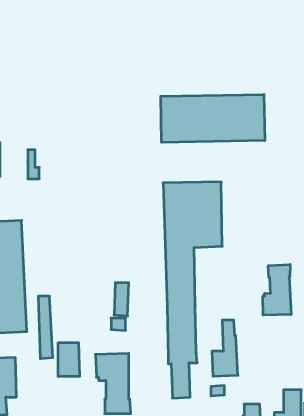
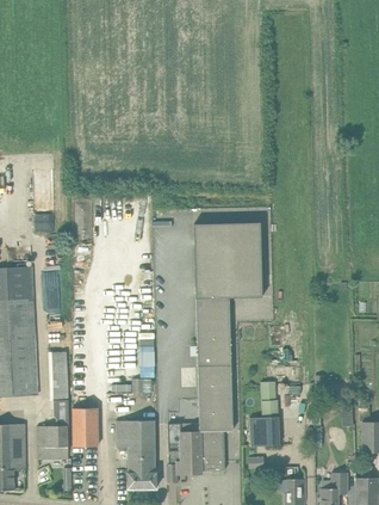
building: [161,94,265,142] -> none
building: [263,264,291,315] -> none
building: none -> [167,424,204,482]
building: none -> [37,425,68,460]

